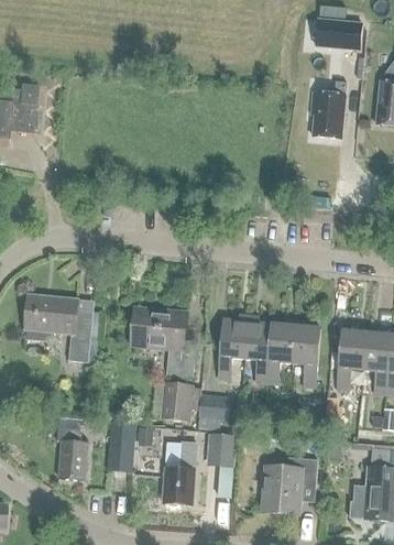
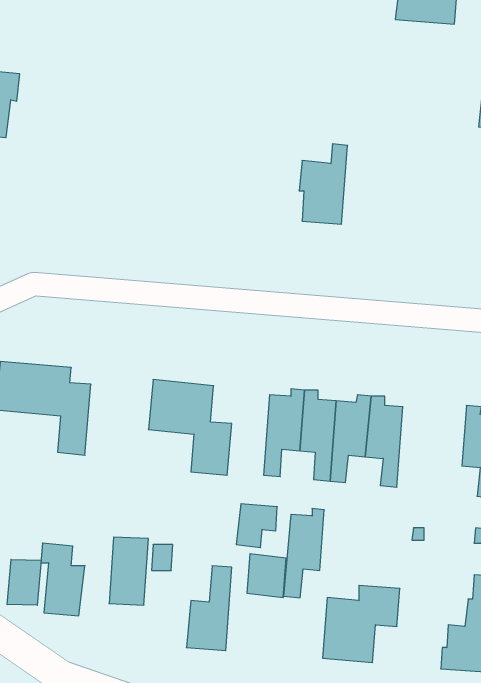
building: [311,80,347,139] -> [299,144,348,224]
building: [337,325,366,390] -> [283,508,324,598]
building: [163,381,200,418] -> none
building: none -> [7,559,41,605]

